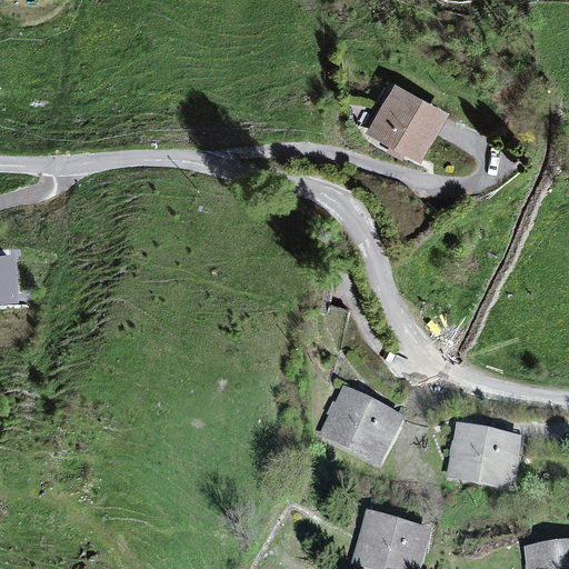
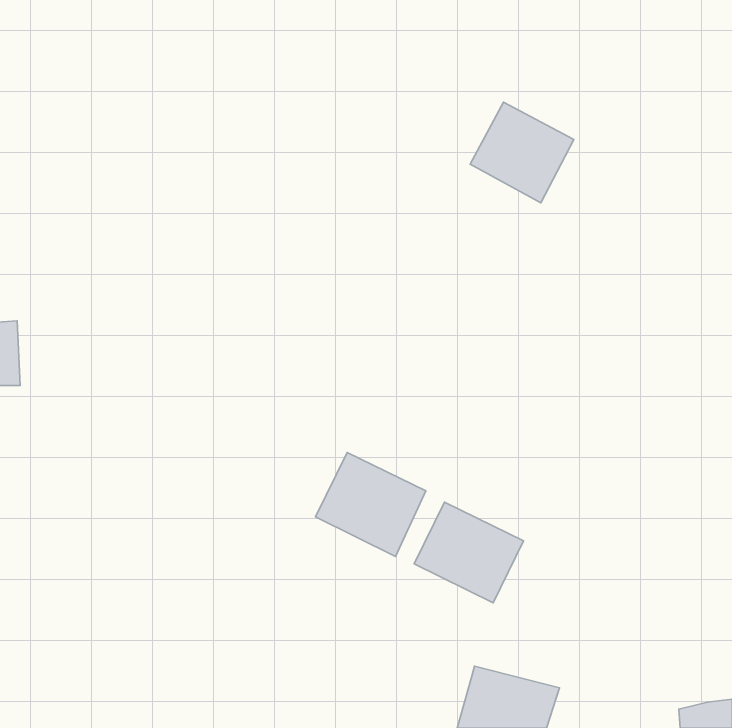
building: none -> [315,452,426,556]
building: [446,427,523,490] -> none

